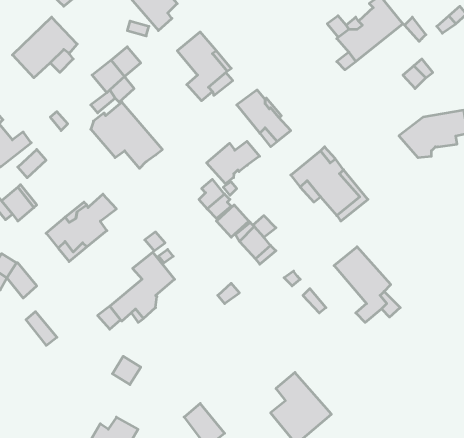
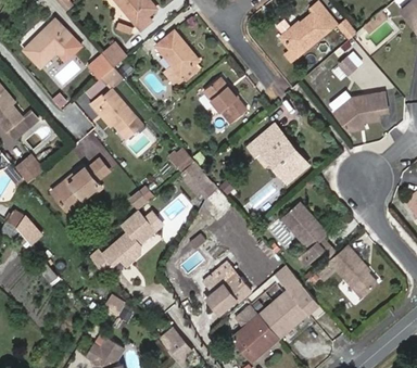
building: [207,141,260,184] -> none
building: none -> [316,244,377,297]
building: none -> [202,262,251,314]
building: none -> [250,266,319,338]

